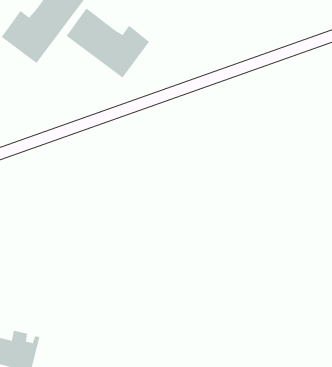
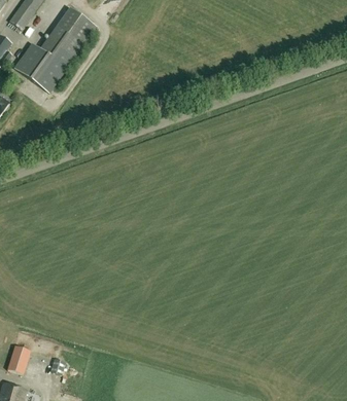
building: [66,7,150,78] -> none

